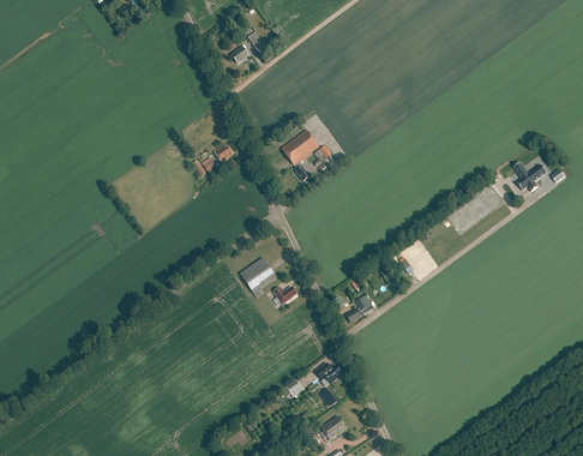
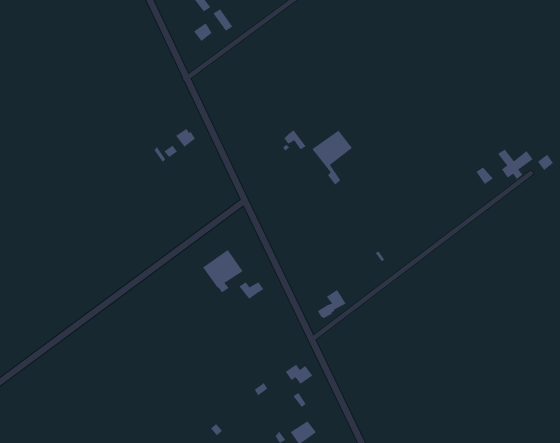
building: [281,128,319,180] -> [312,130,353,185]

